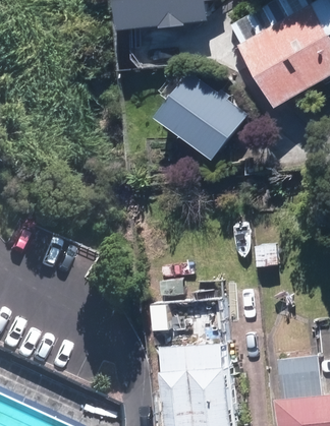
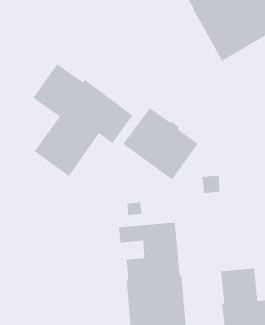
building: [158,70,250,158] -> [123,107,199,180]
building: none -> [33,63,133,177]

